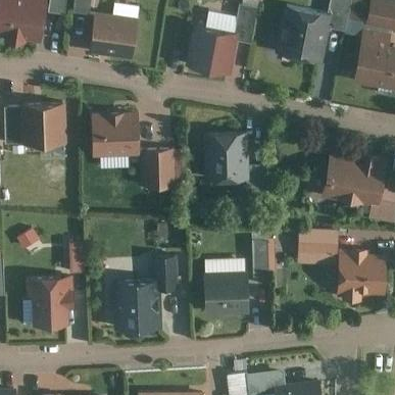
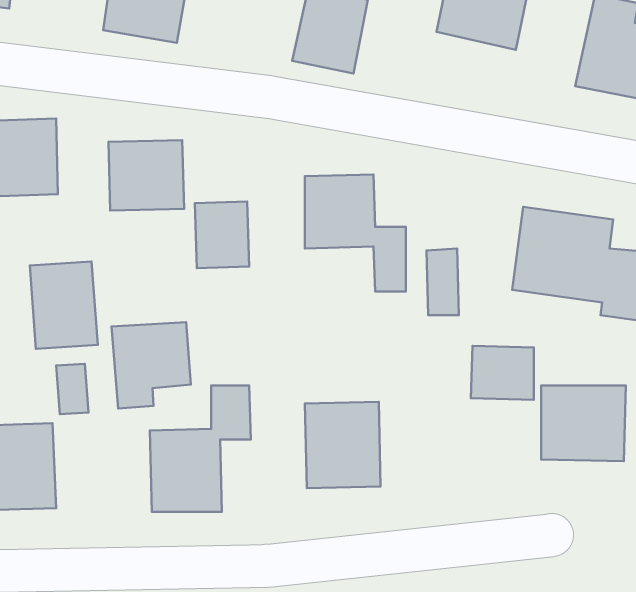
building: none -> [30,261,98,349]
building: none -> [112,322,191,408]
building: [251,240,269,278] -> [426,249,459,315]

